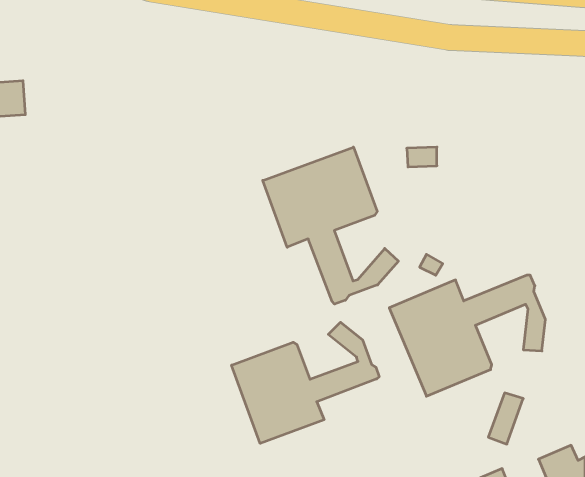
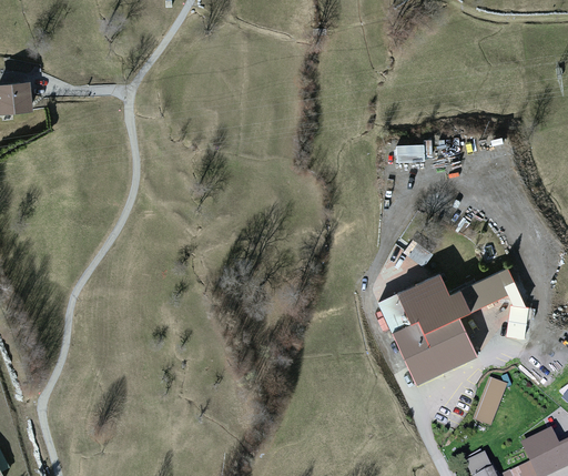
building: [263,147,398,304] -> none
building: [232,322,379,443] -> none

